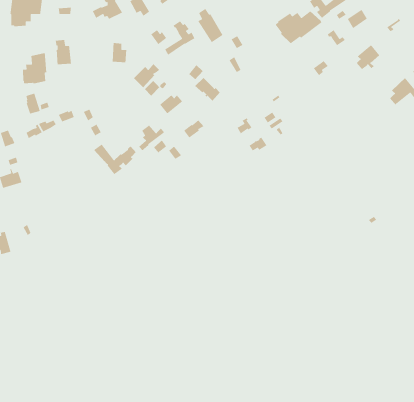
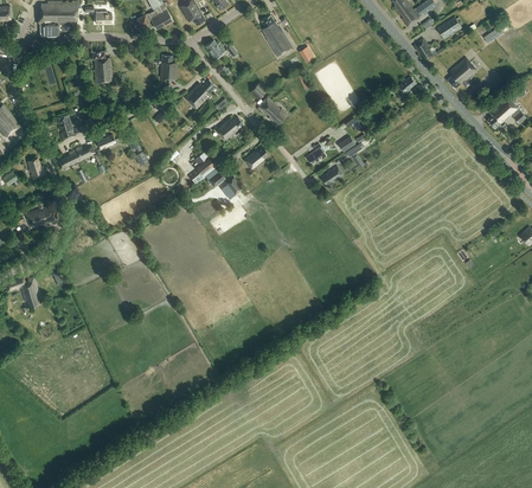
building: [274,10,323,44] -> none
building: [164,21,195,56] -> none
building: [22,52,47,84] -> none
building: [93,143,136,175] -> none

